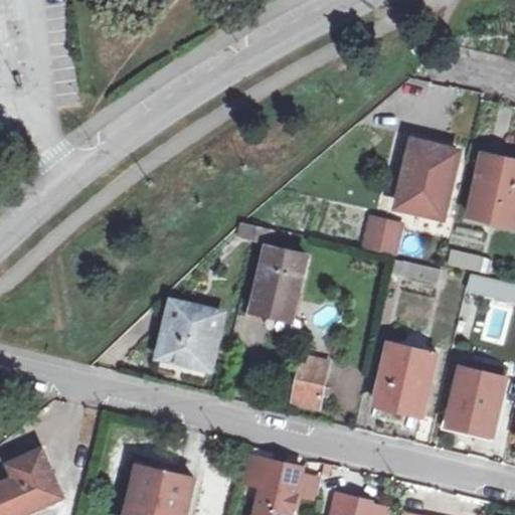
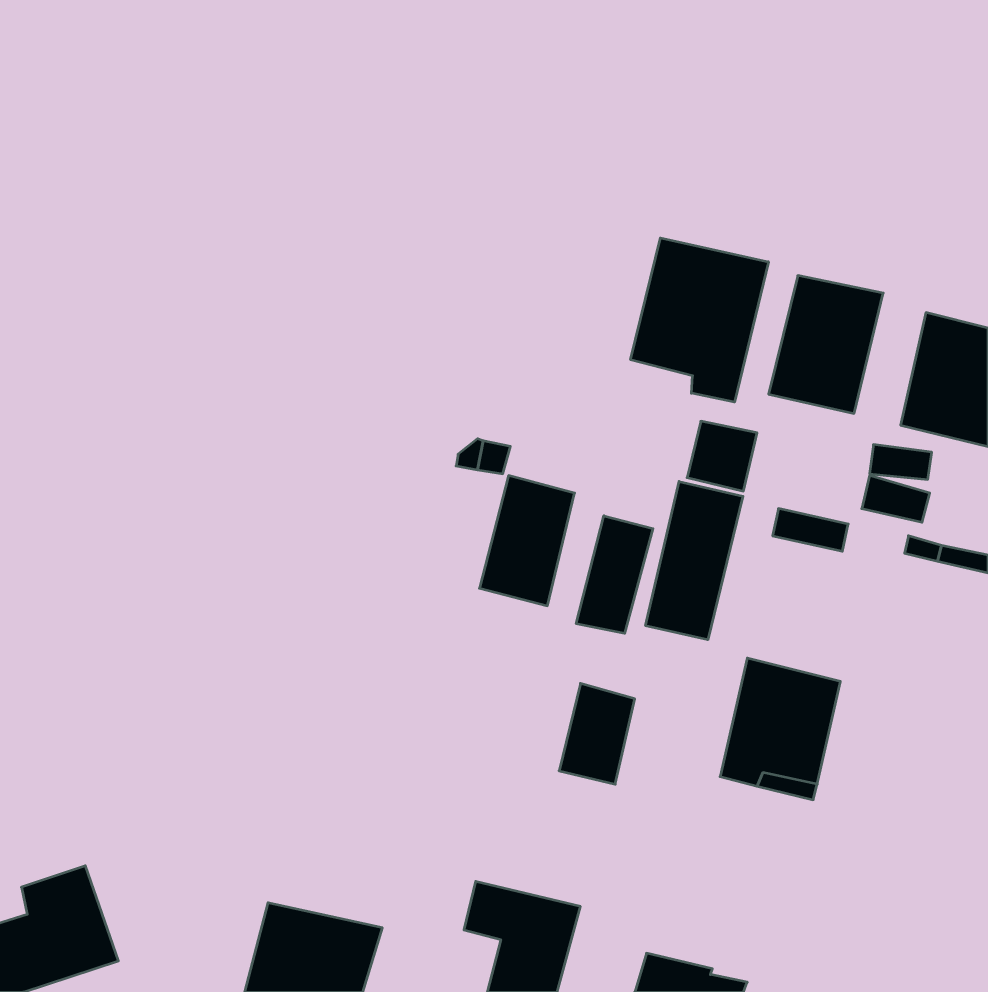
building: none -> [631,238,768,402]
building: none -> [646,481,743,640]
building: none -> [576,516,653,633]
building: [158,301,218,368] -> none
building: [447,368,504,433] -> none

